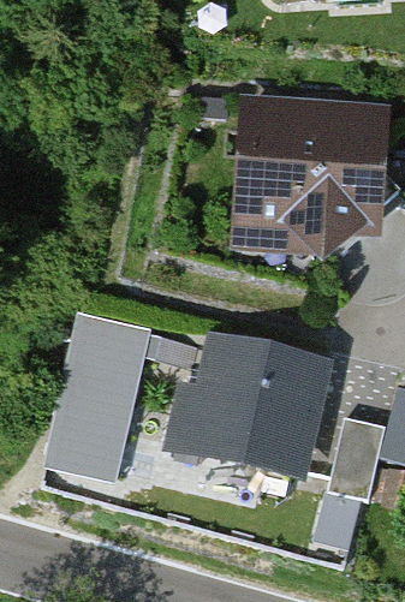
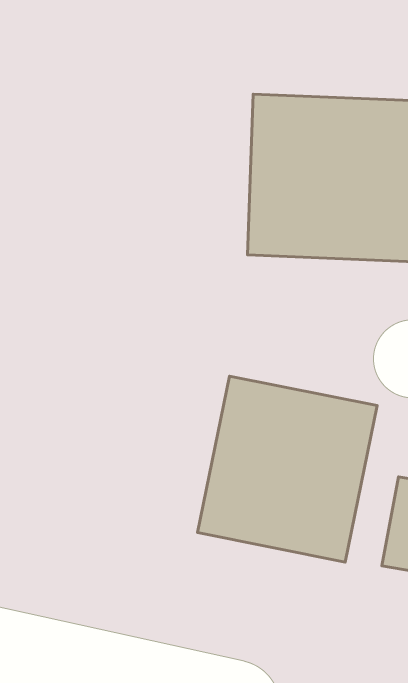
building: [52,299,157,464] -> none

